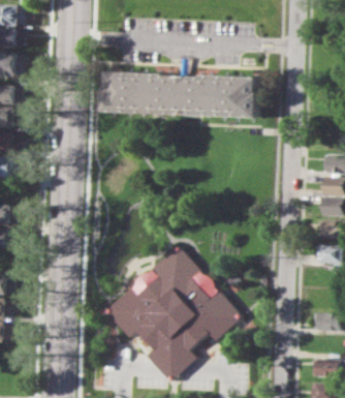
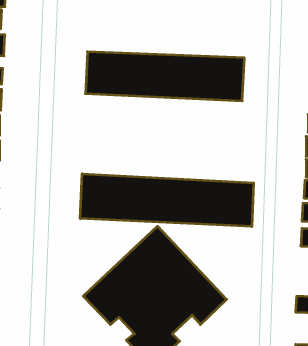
building: none -> [80,174,254,227]

